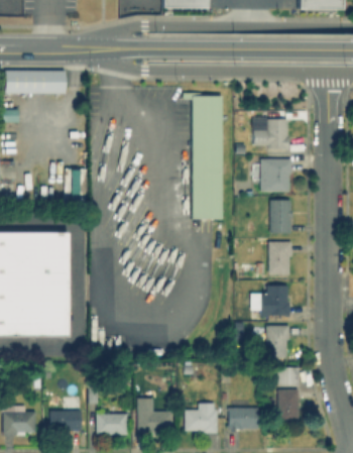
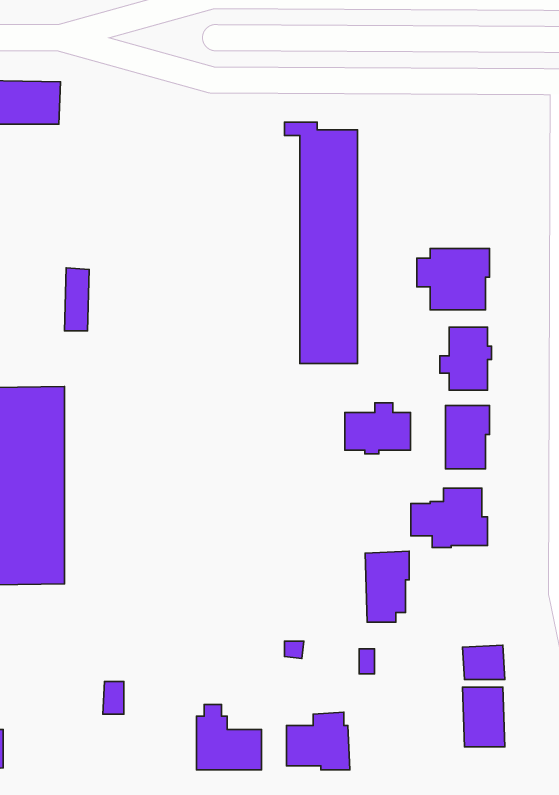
building: [253,116,289,148] -> none
building: none -> [345,403,411,454]
building: [267,325,290,362] -> [365,551,409,622]
building: [229,400,260,429] -> none
building: [50,403,82,432] -> none
building: [98,414,128,435] -> none

